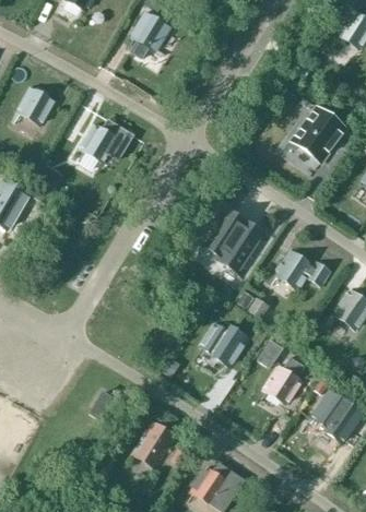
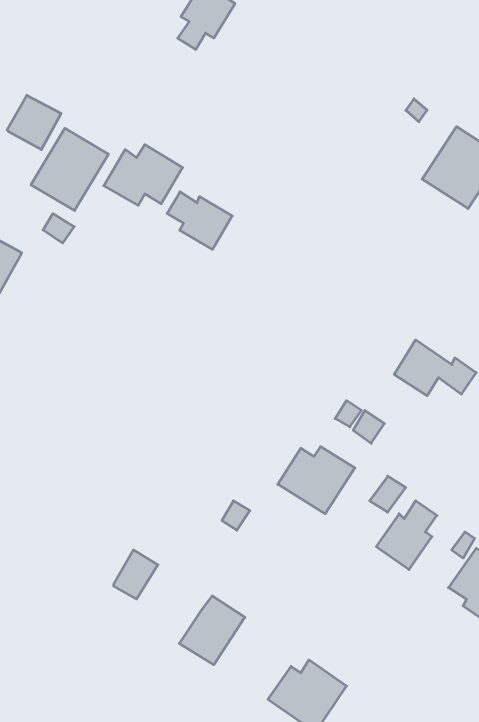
building: none -> [31,128,108,211]
building: none -> [167,192,232,249]
building: [204,210,262,272] -> none

